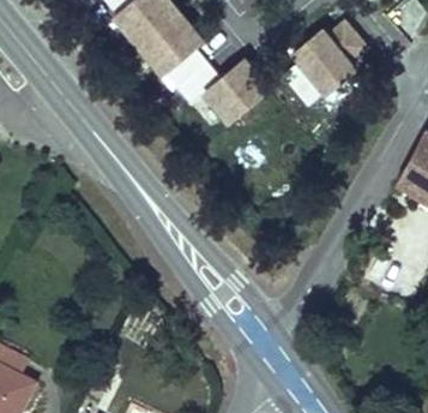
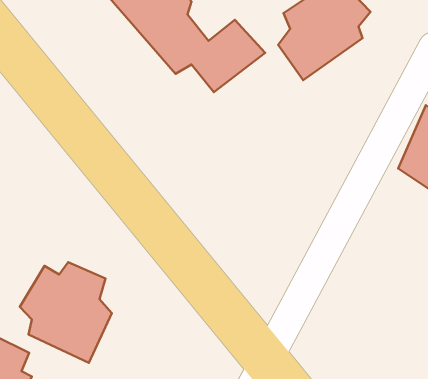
building: none -> [20,262,112,363]

